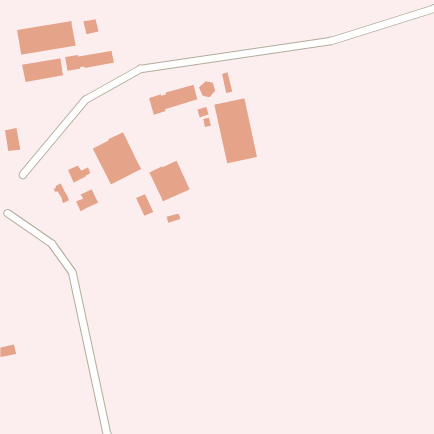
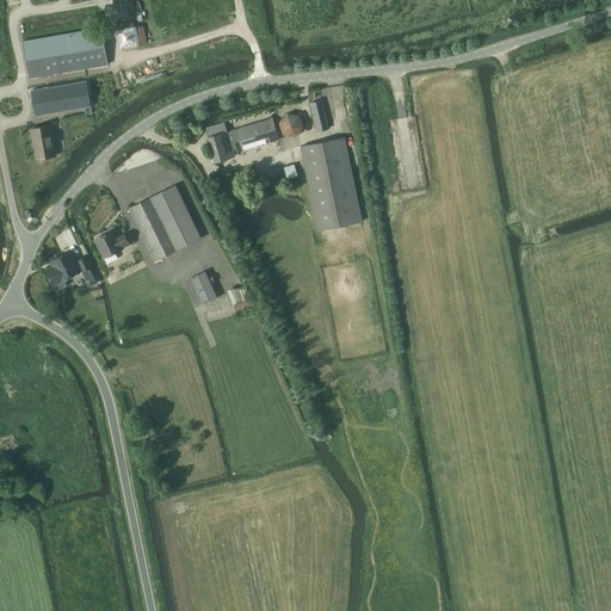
building: [64,50,114,72] -> none
building: [4,128,21,151] -> [31,125,55,159]
building: [148,160,190,202] -> none
building: [75,188,99,212] -> [44,252,78,285]

